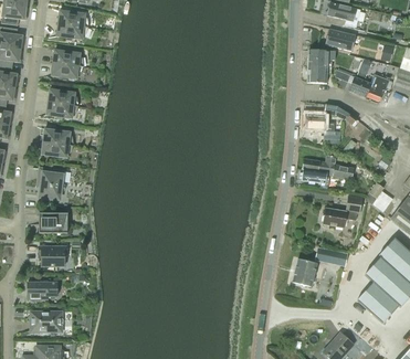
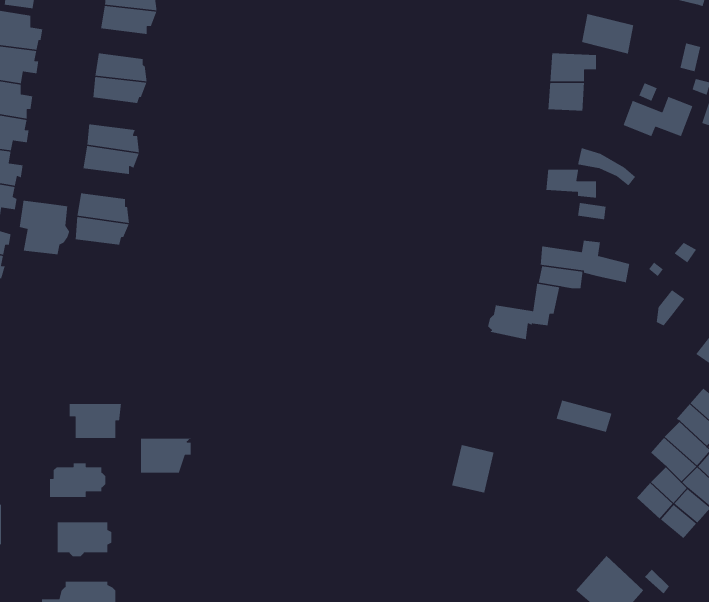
building: [38,168,66,199] -> [19,200,70,255]
building: [322,196,362,228] -> [487,283,560,340]
building: [40,213,69,233] -> [140,438,191,473]
building: [293,258,317,286] -> [451,444,495,494]

